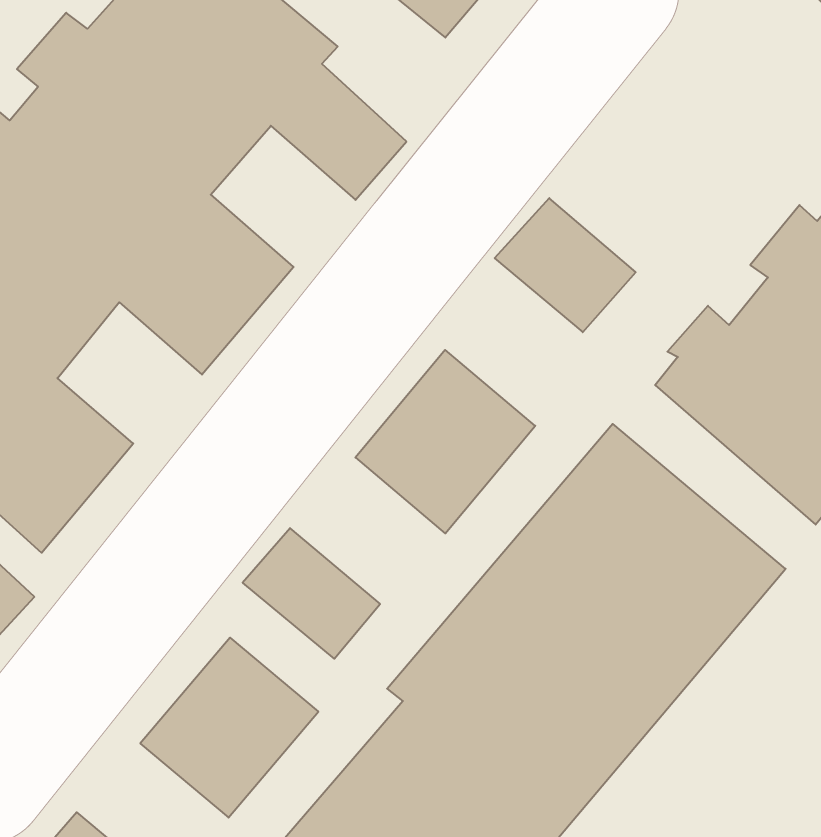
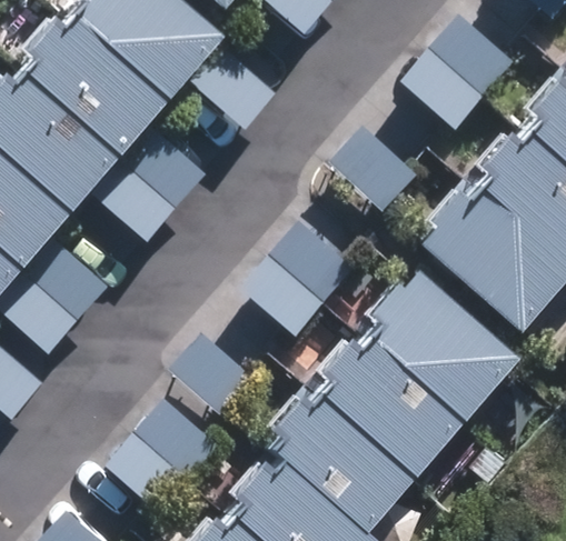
building: none -> [398,13,514,130]

